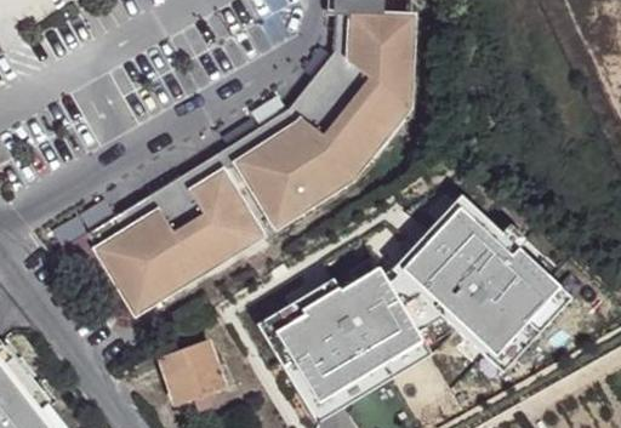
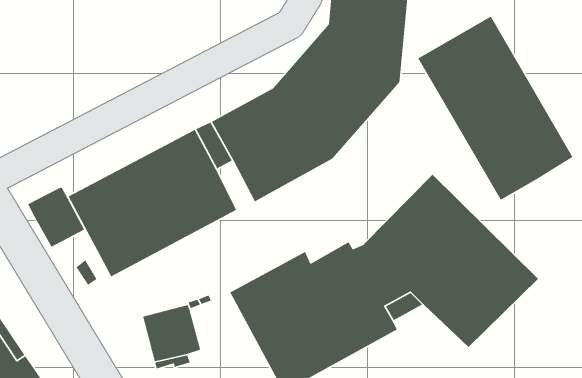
building: none -> [417,16,574,201]
building: none -> [27,186,85,248]

